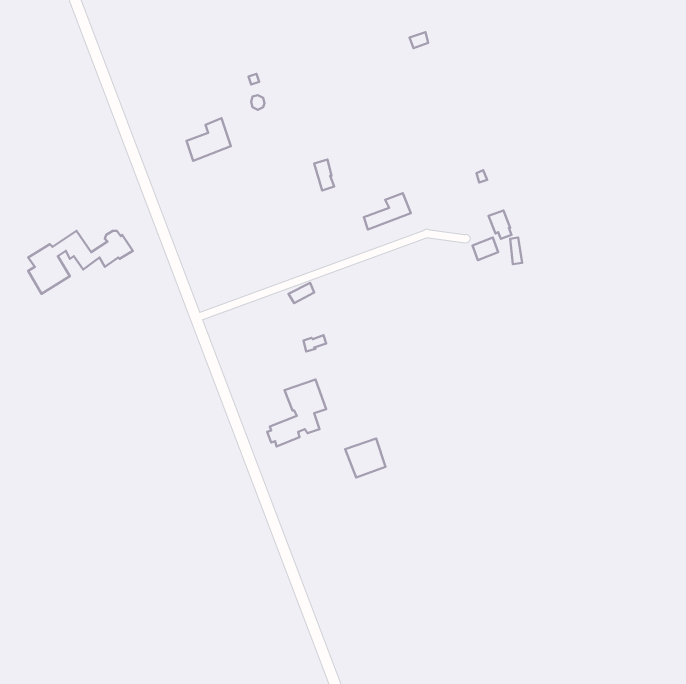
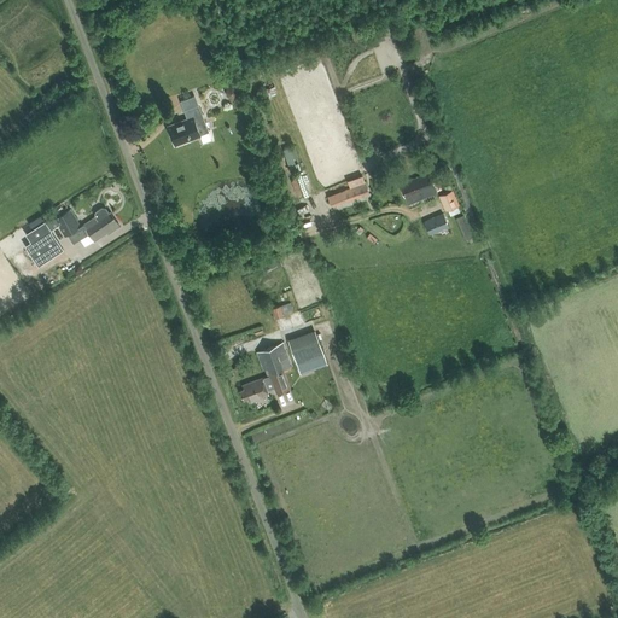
building: none -> [400,173,437,205]
building: [345,439,386,477] -> [287,331,323,366]

